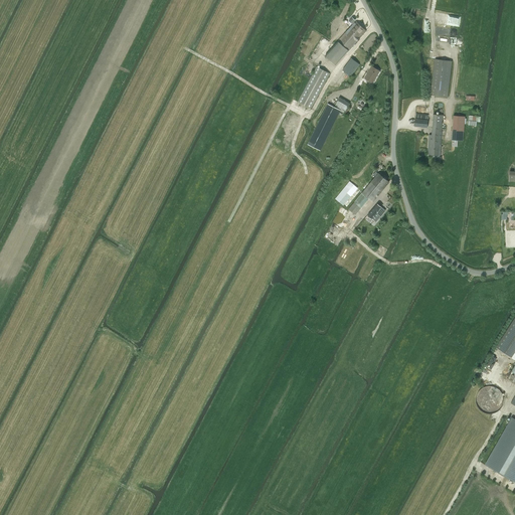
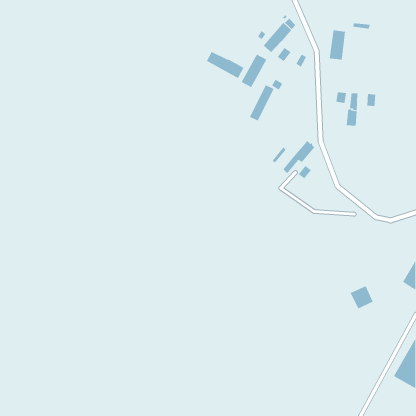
building: [431,59,452,97] -> [329,30,346,60]
building: none -> [206,51,244,79]
building: [476,383,505,412] -> [350,286,373,309]

